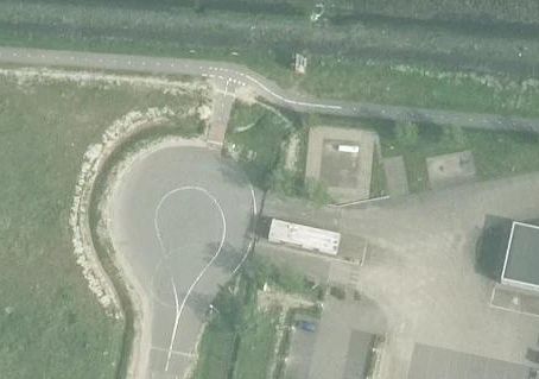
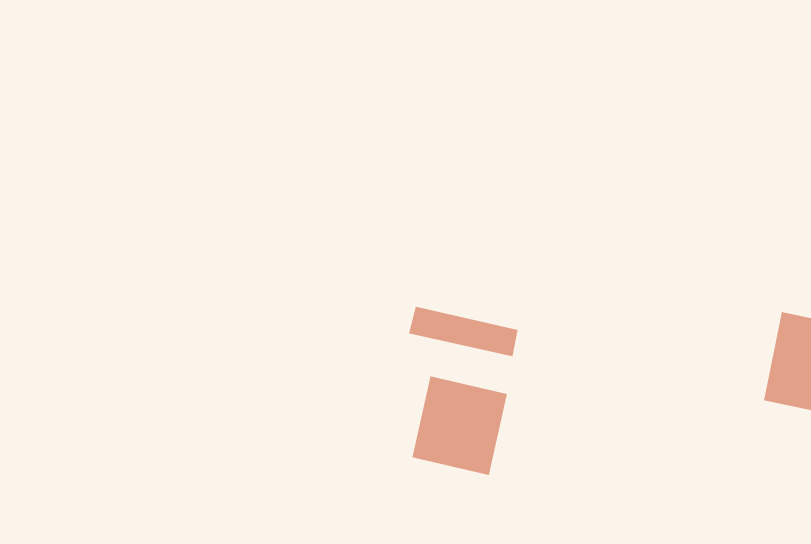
building: none -> [412,376,508,476]

